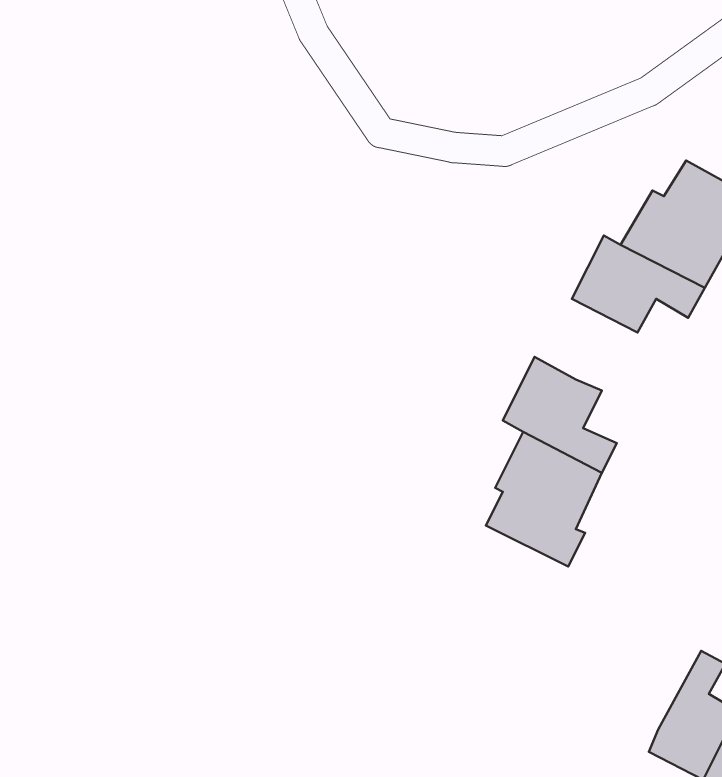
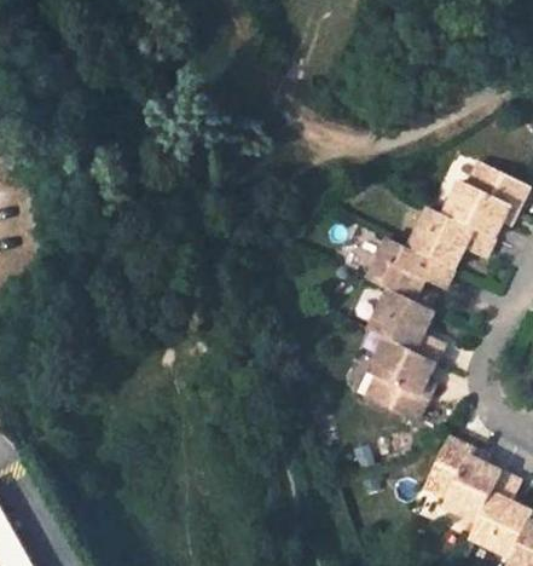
building: none -> [376,233,459,296]
building: none -> [419,433,500,522]

